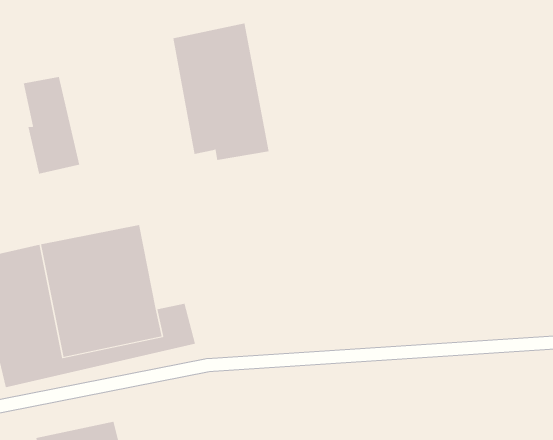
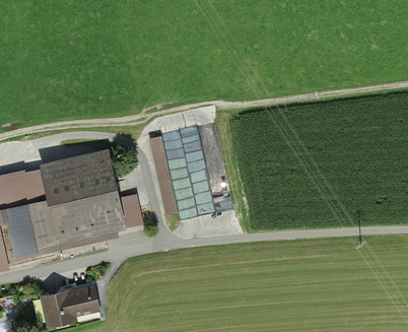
building: [173,23,269,161] -> [148,126,213,218]
building: [23,76,80,175] -> none

